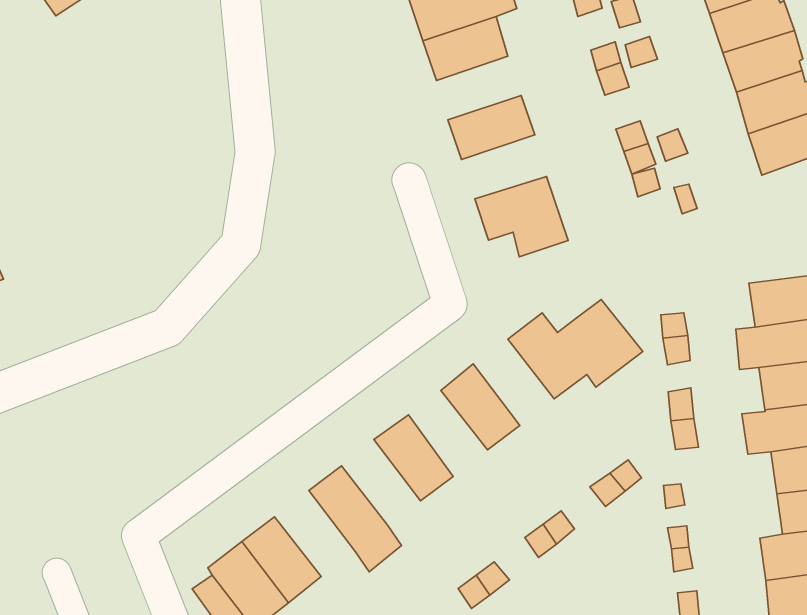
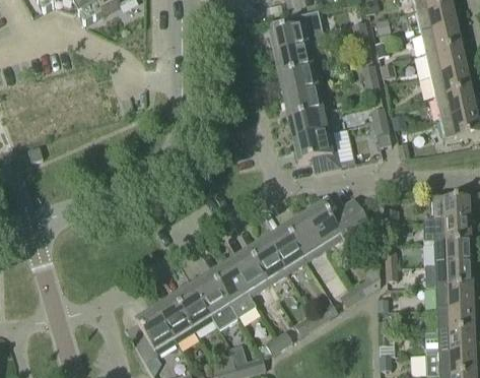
building: none -> [279,67,323,98]
building: none -> [288,110,332,140]
building: none -> [284,215,325,261]
building: none -> [248,239,287,285]
building: none -> [210,261,257,318]
building: none -> [173,285,213,330]

